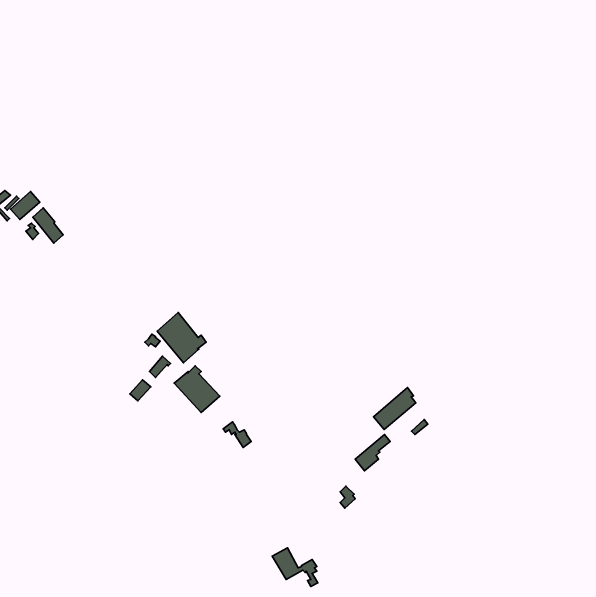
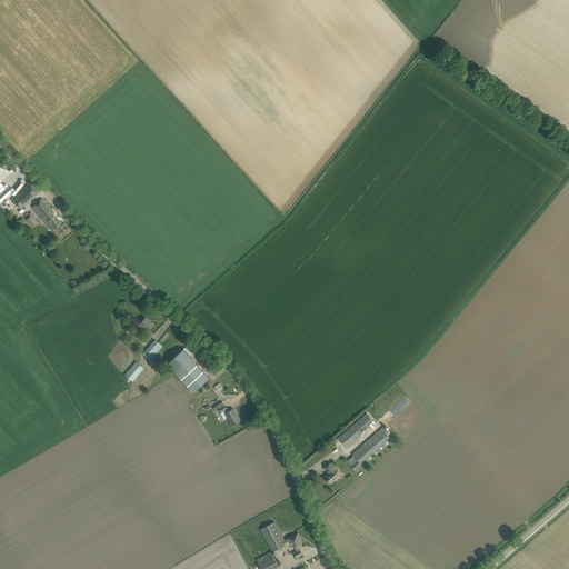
building: [157,313,206,363] -> none
building: [374,388,416,430] -> [351,426,391,466]

